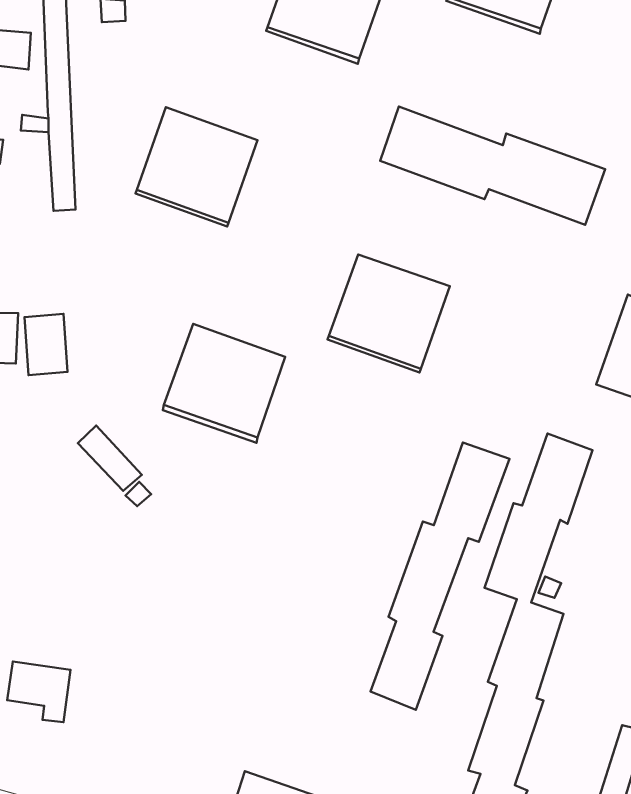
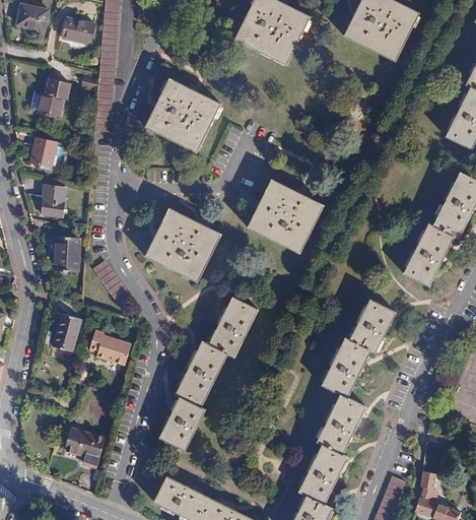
building: [380,107,605,225] -> none
building: [24,314,67,375] -> [55,236,80,271]
building: [371,442,510,710] -> [159,297,259,451]
building: none -> [54,313,81,350]
building: none -> [89,328,132,363]
building: [7,662,71,722] -> [65,428,105,467]

